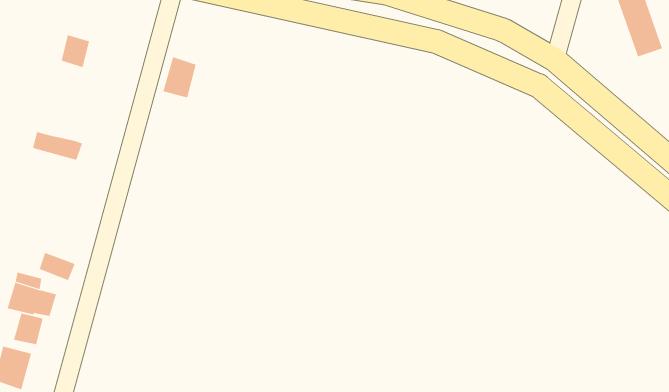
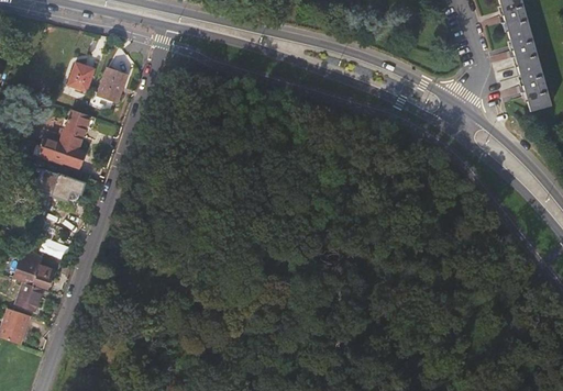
building: [162,56,196,98] -> [98,68,126,102]
building: none -> [59,110,89,149]
building: none -> [35,169,85,200]

